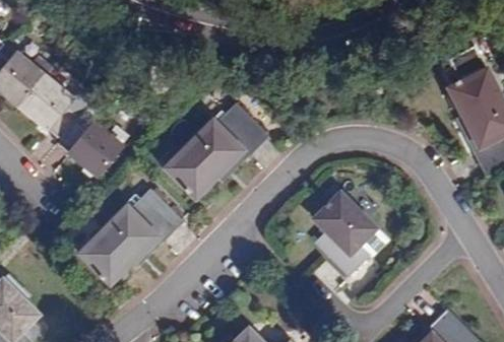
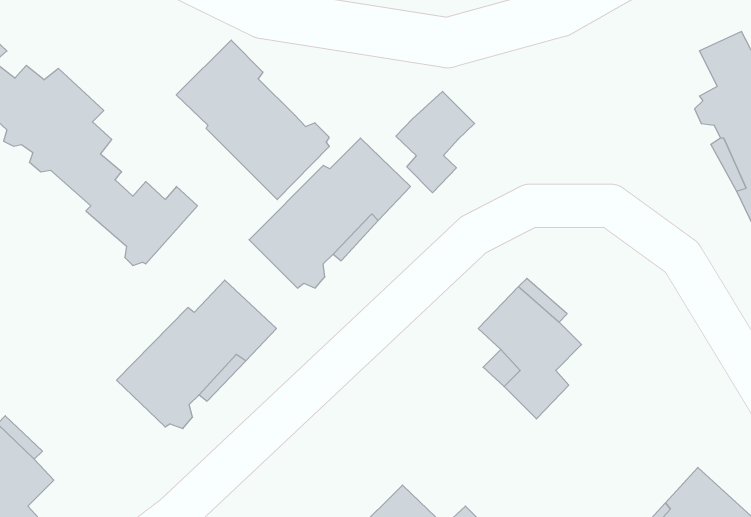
building: none -> [176,40,329,200]
building: none -> [396,91,475,193]

